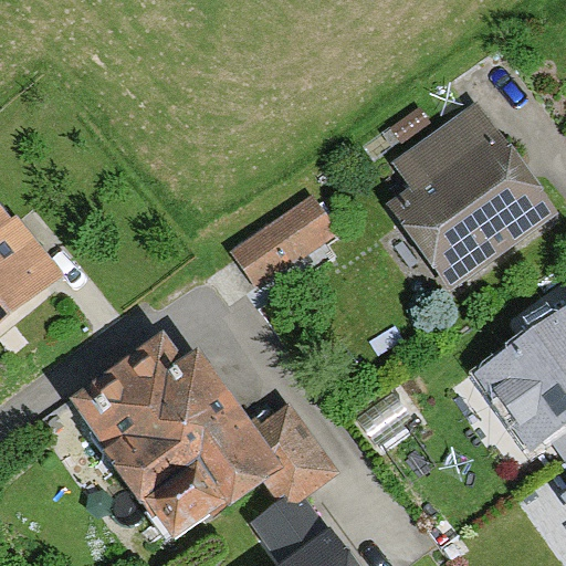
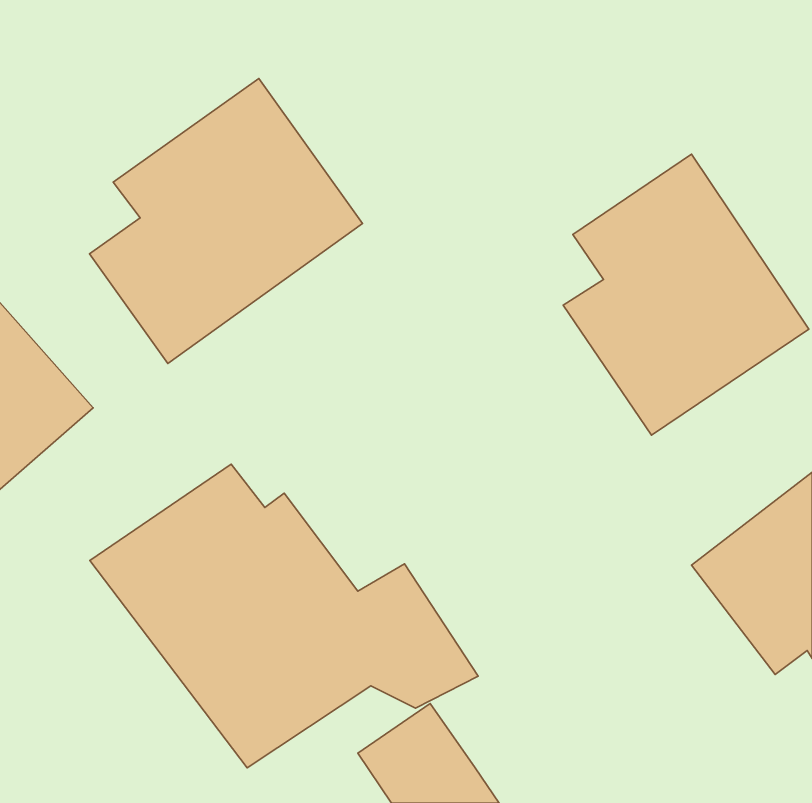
building: none -> [90,79,362,363]
building: [231,193,342,291] -> none

